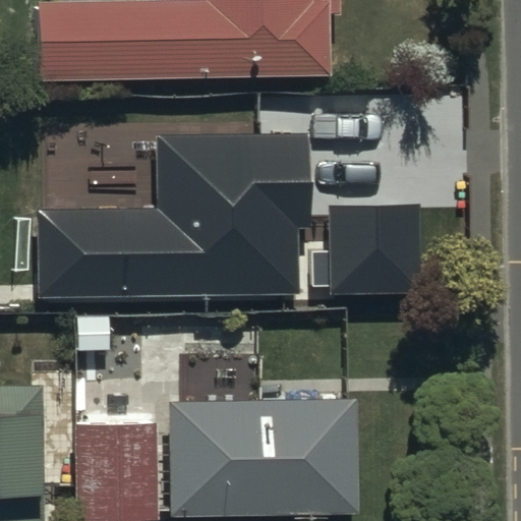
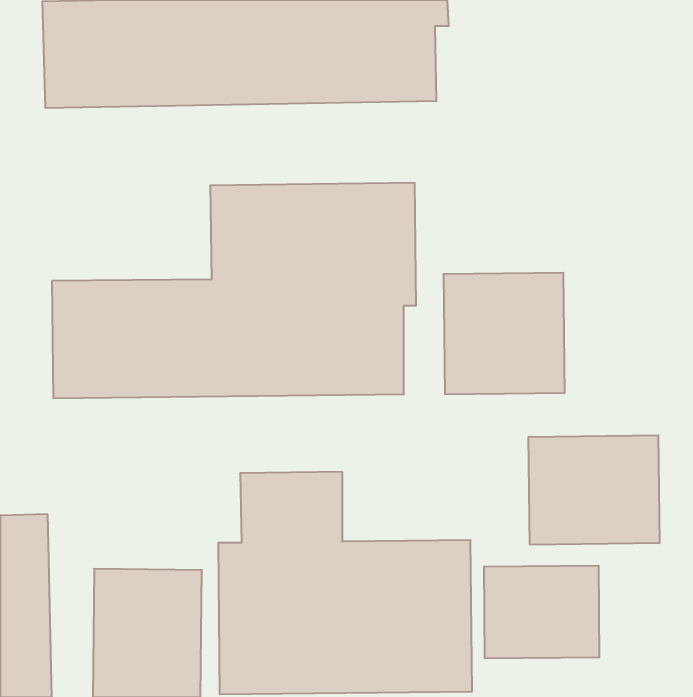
building: none -> [529,435,659,545]
building: none -> [484,565,599,658]

